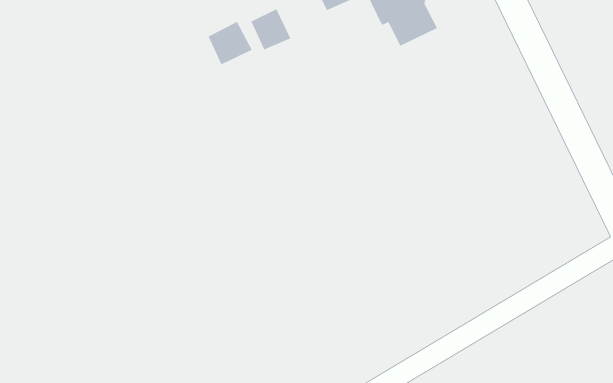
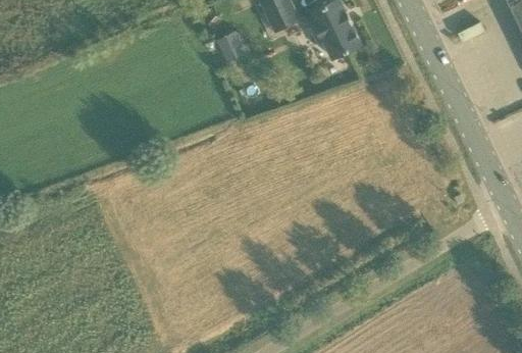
building: [208,21,252,65] -> none

